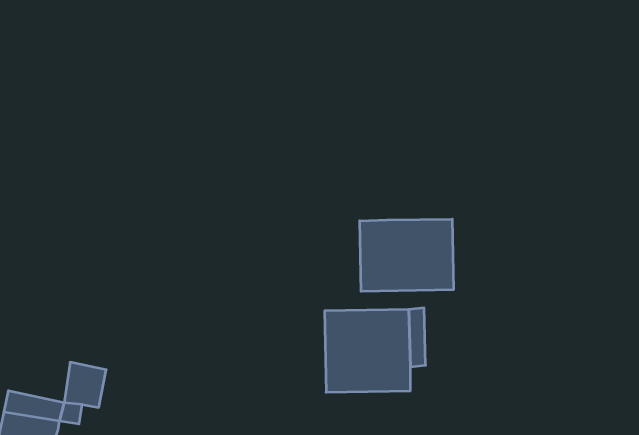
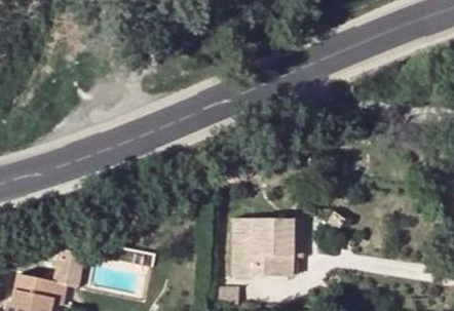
building: [360,219,453,291] -> none

